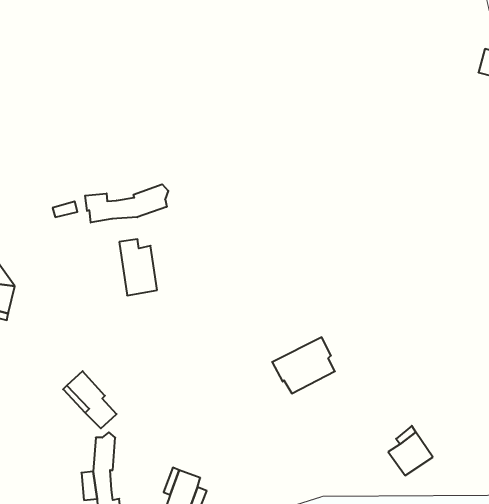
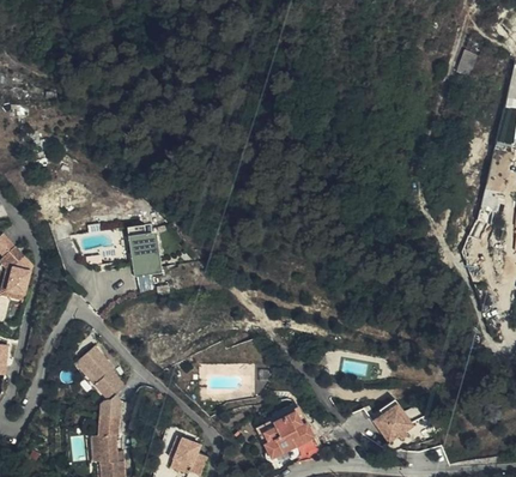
building: [85,184,168,223] -> none
building: [272,337,335,393] -> [256,406,314,458]

